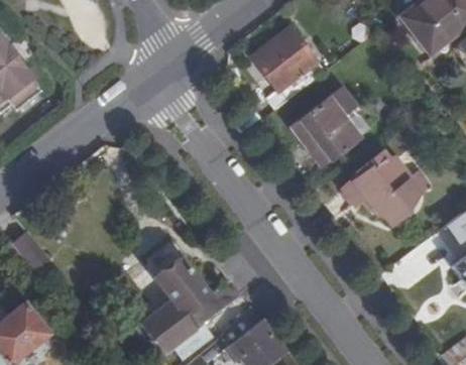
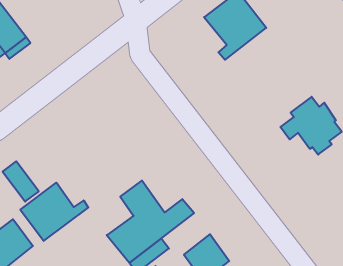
building: [293,88,360,165] -> none
building: none -> [20,183,88,241]

